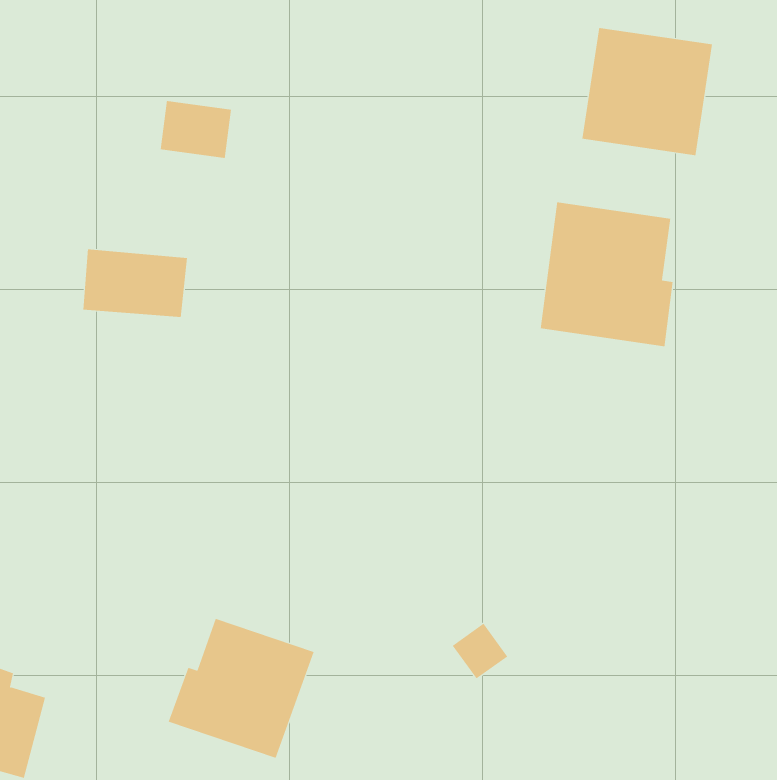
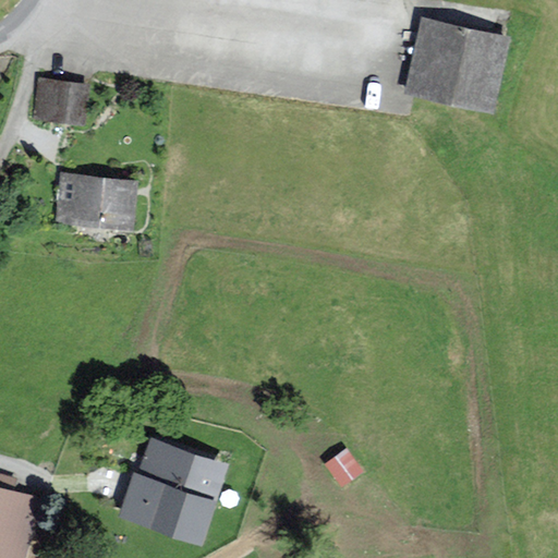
building: [160,100,232,159] -> [33,80,84,121]
building: [540,201,673,347] -> none

